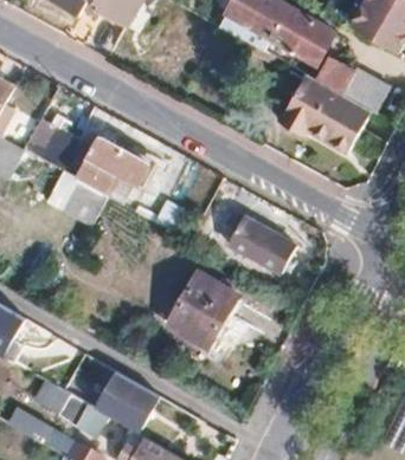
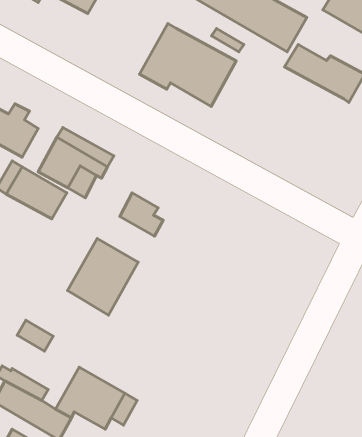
building: [276,73,368,153] -> [139,24,236,106]
building: [227,216,295,272] -> none
building: [167,272,234,345] -> [68,239,138,315]

